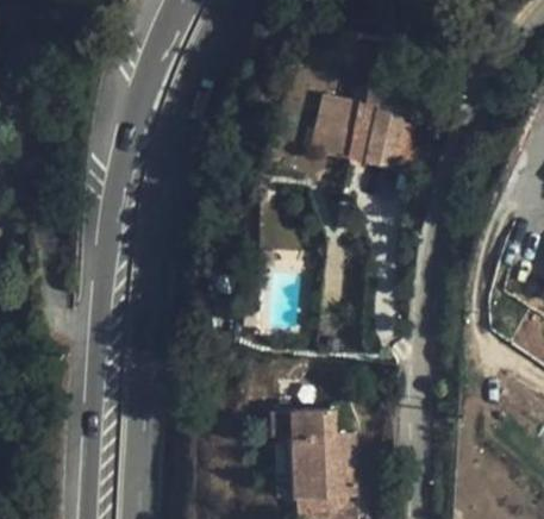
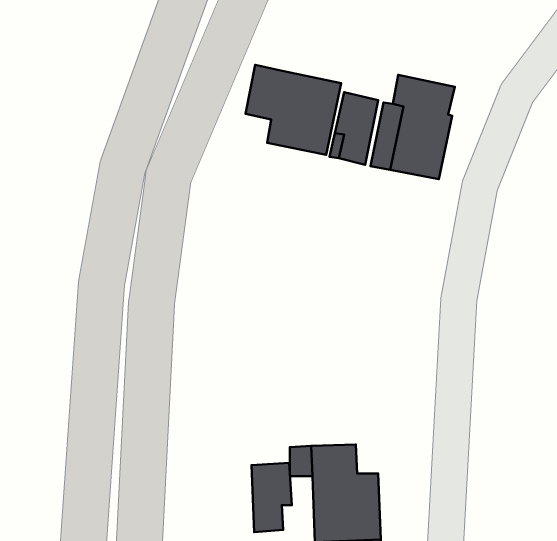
building: none -> [245,65,341,155]
building: none -> [251,463,292,532]

